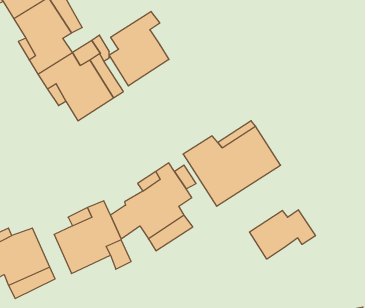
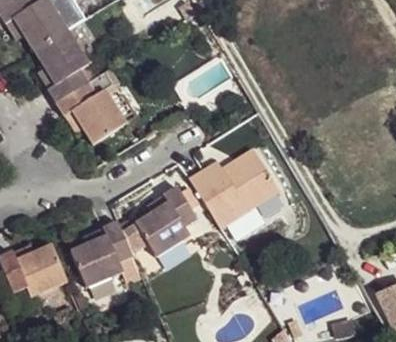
building: [109,11,169,86] -> none
building: [249,210,315,259] -> none

